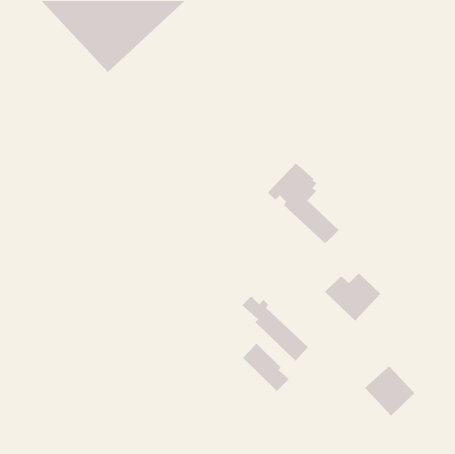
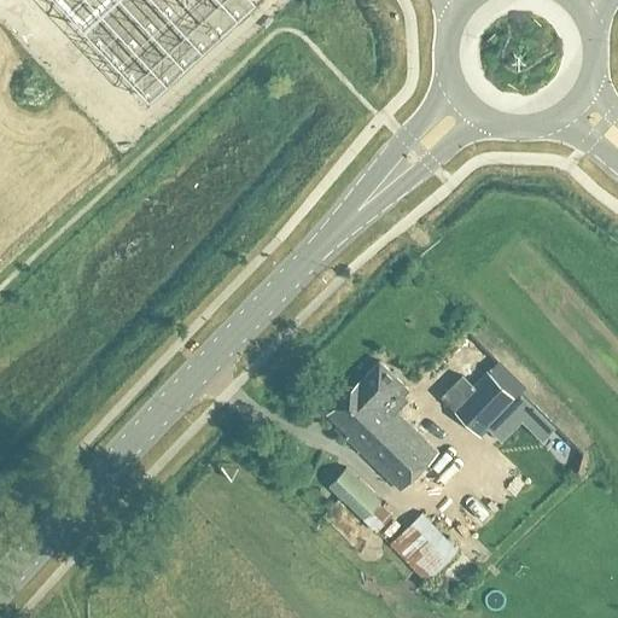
building: [267,162,339,244] -> [340,361,438,472]
building: [364,366,415,416] -> [390,514,459,583]

